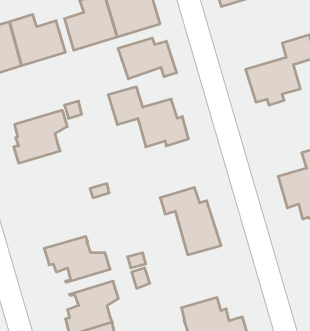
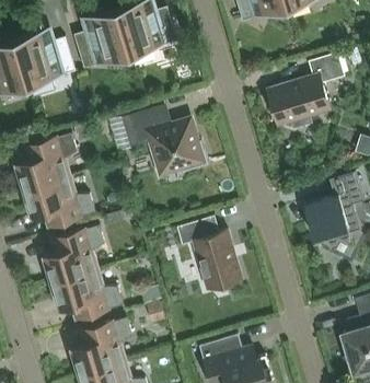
building: [118,38,177,79] -> none
building: none -> [24,177,94,227]
building: none -> [46,225,104,282]

